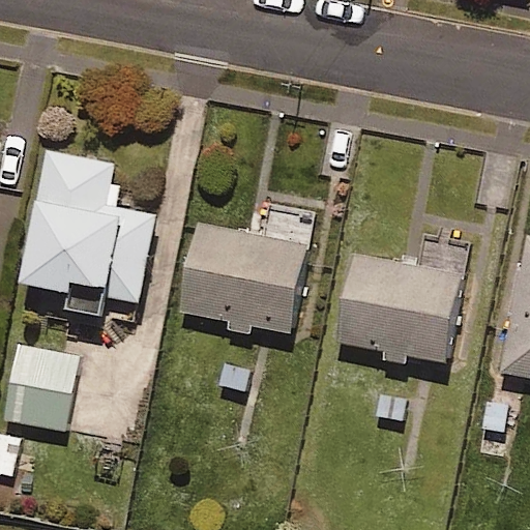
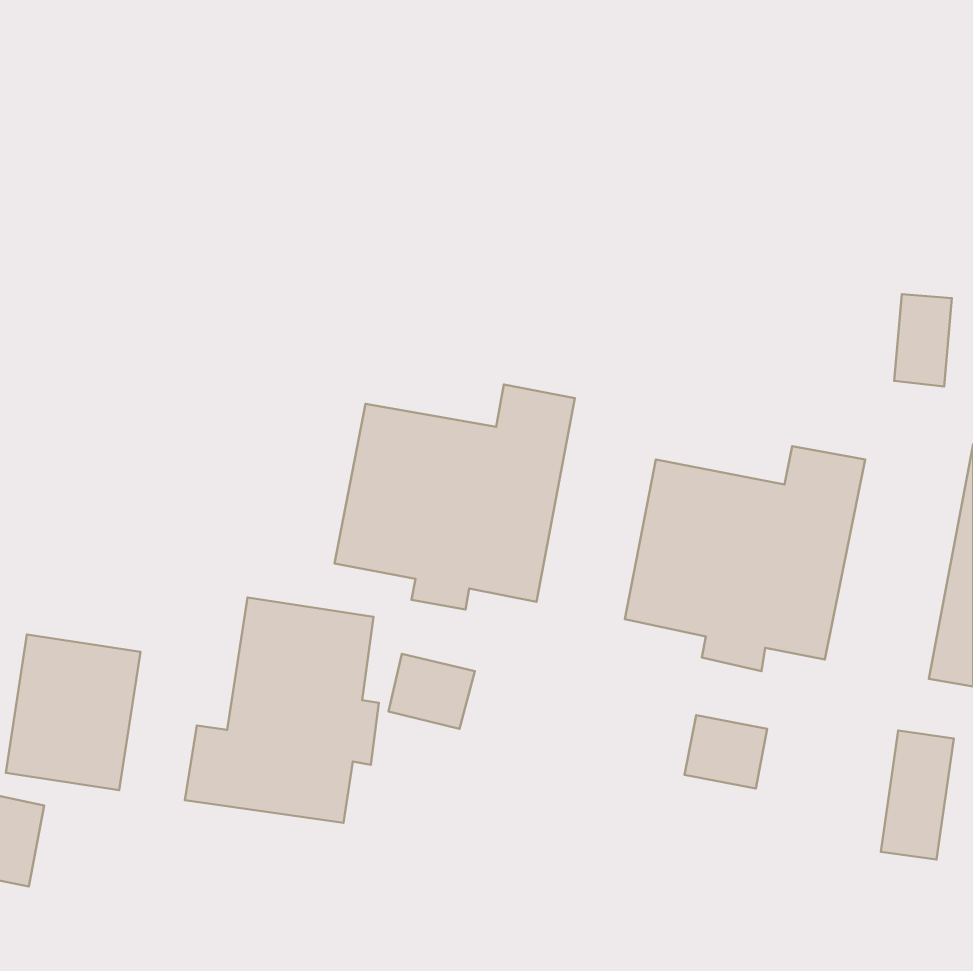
building: [24,149,154,327] -> none
building: none -> [185,597,379,823]

